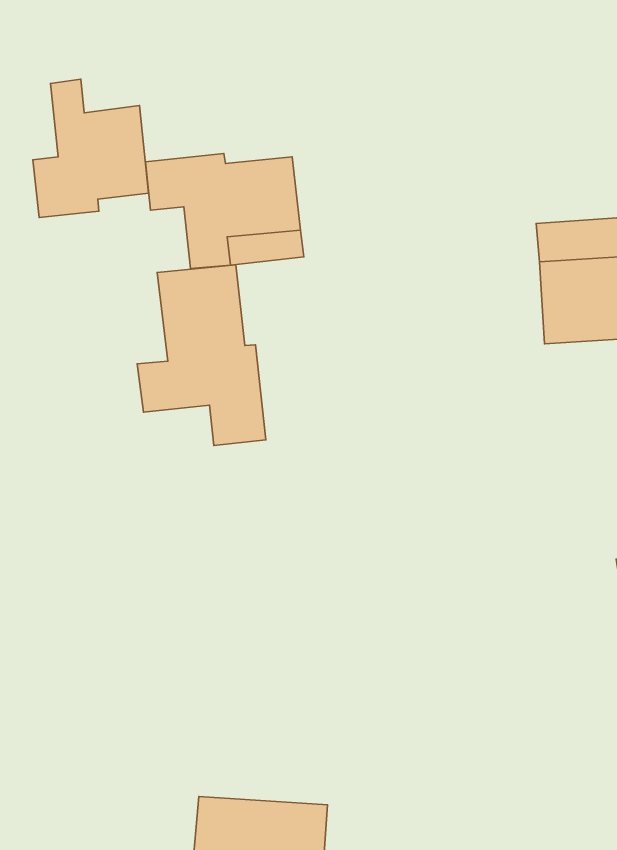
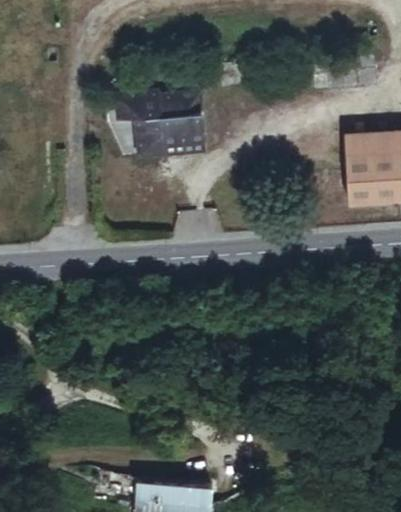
building: [33,79,149,218] -> none
building: [137,265,266,446] -> none

